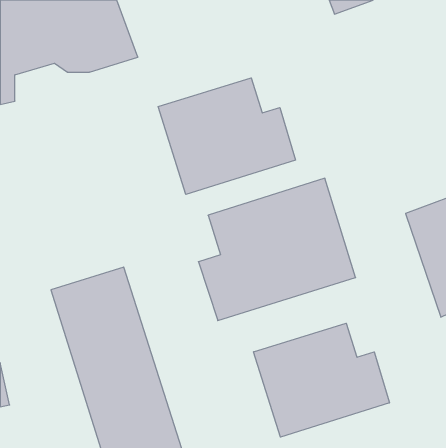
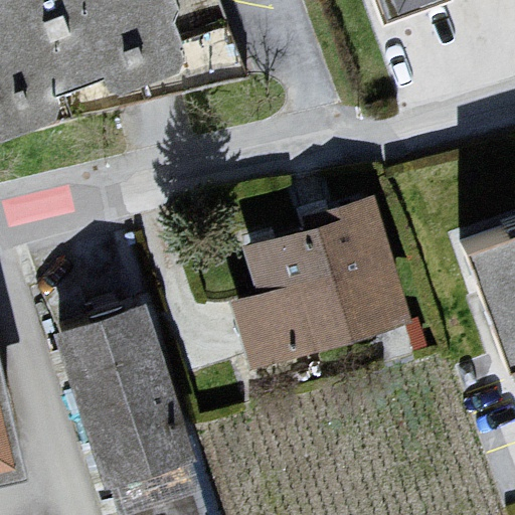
building: [158,78,295,194] -> none
building: [254,323,389,437] -> none

